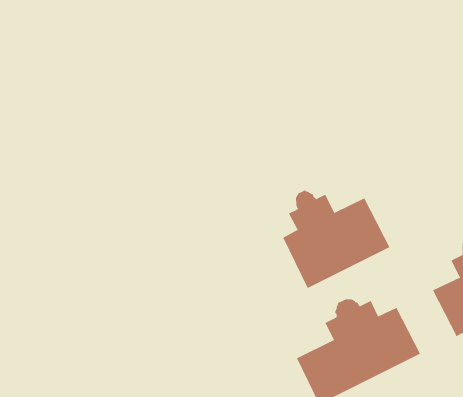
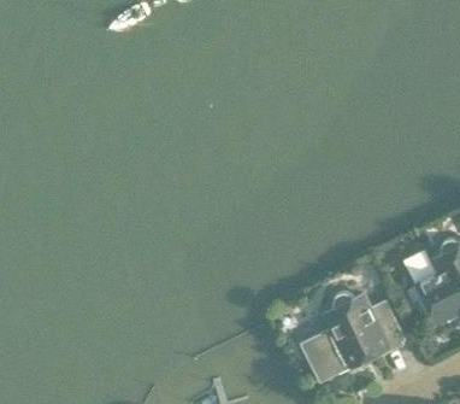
building: [283,190,390,289] -> none

